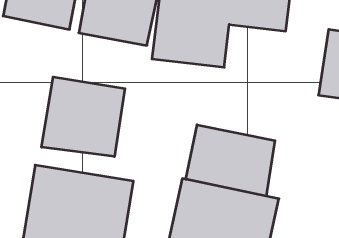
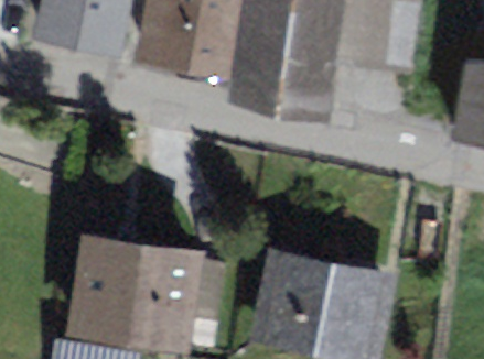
building: [42,77,125,157] -> none
building: [186,125,275,196] -> none

